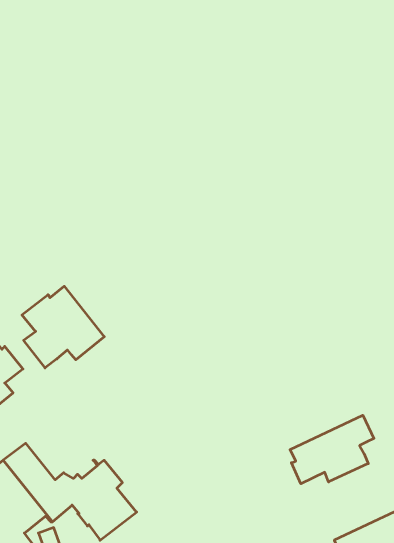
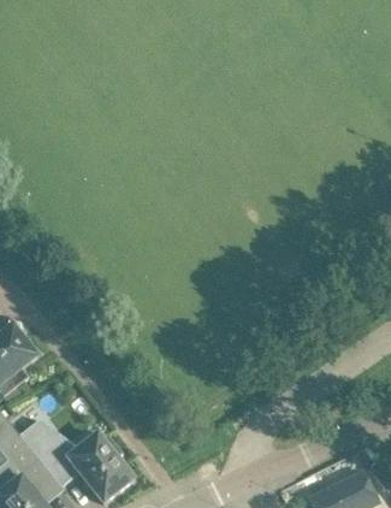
building: [22,286,104,368] -> none
building: [290,415,374,484] -> none

